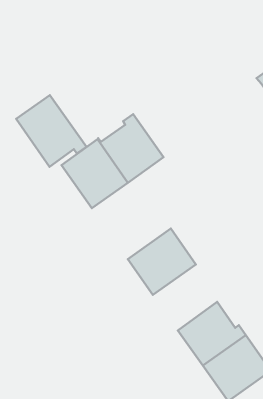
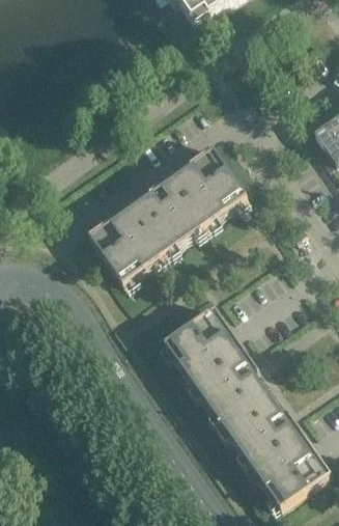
building: none -> [171,146,248,225]
building: [16,95,87,167] -> none
building: none -> [194,350,269,426]

